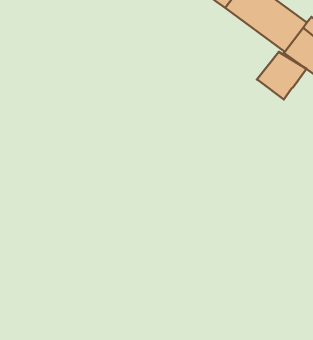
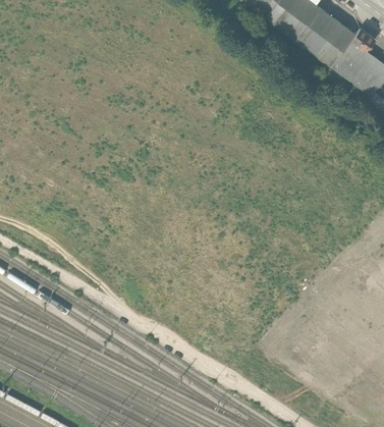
building: [257,52,307,99] -> none

